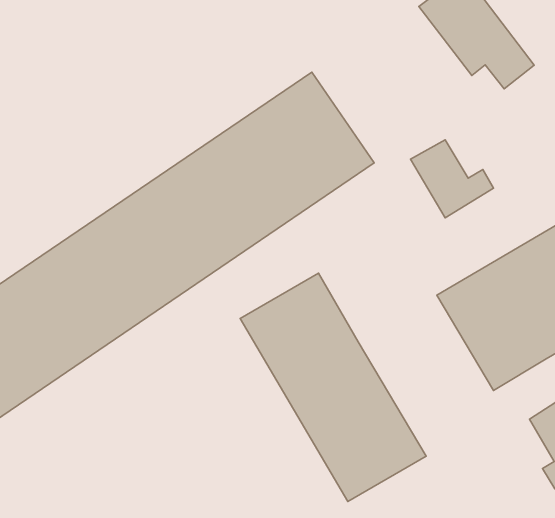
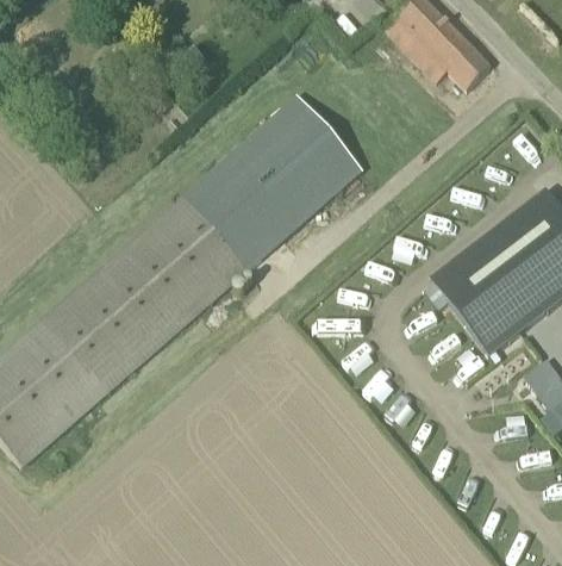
building: [411,140,494,218] -> none
building: [240,273,426,501] -> none

